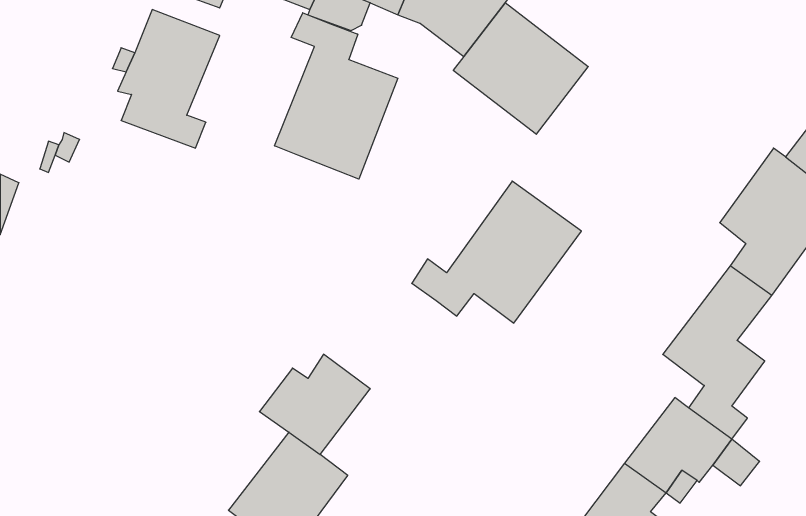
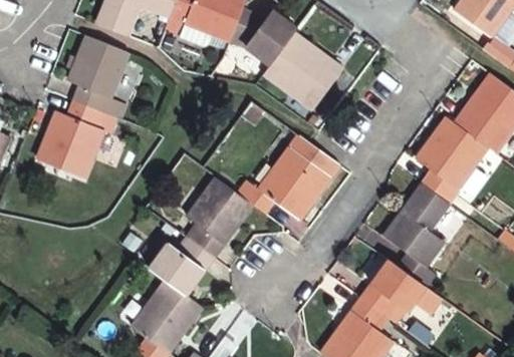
building: [275,13,398,179] -> none
building: none -> [37,100,113,178]
building: none -> [188,178,253,256]

